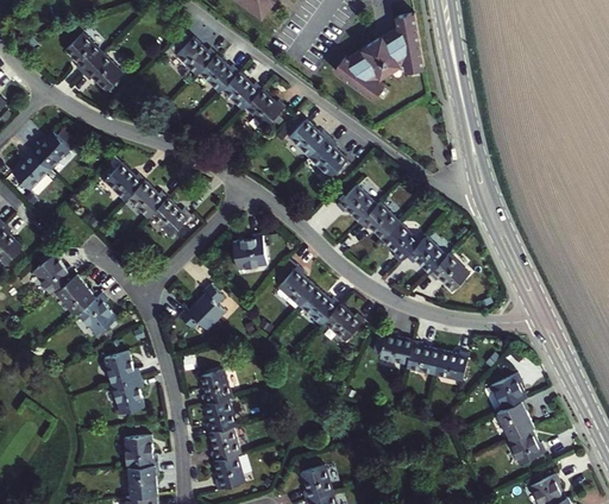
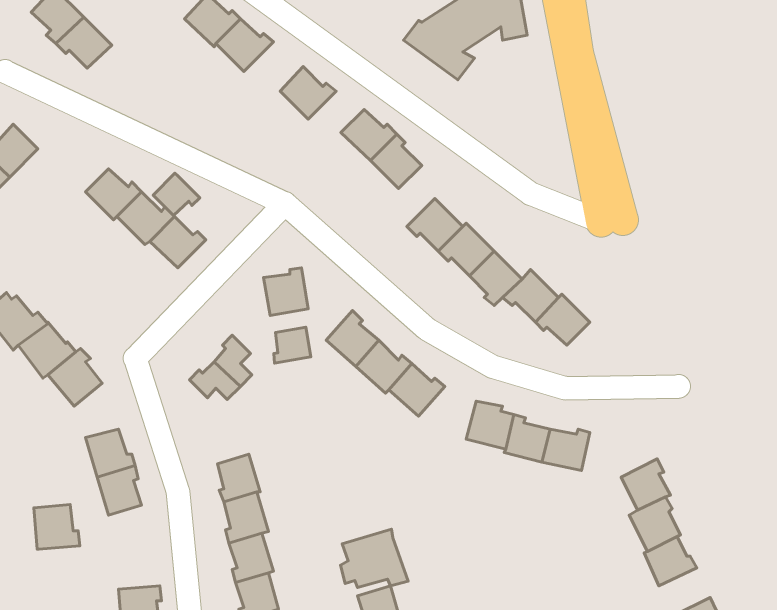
building: [221,71,260,109] -> none
building: none -> [153,173,200,215]
building: none -> [274,327,311,363]
building: none -> [340,529,408,587]
building: [124,434,157,466] -> [34,505,80,549]

